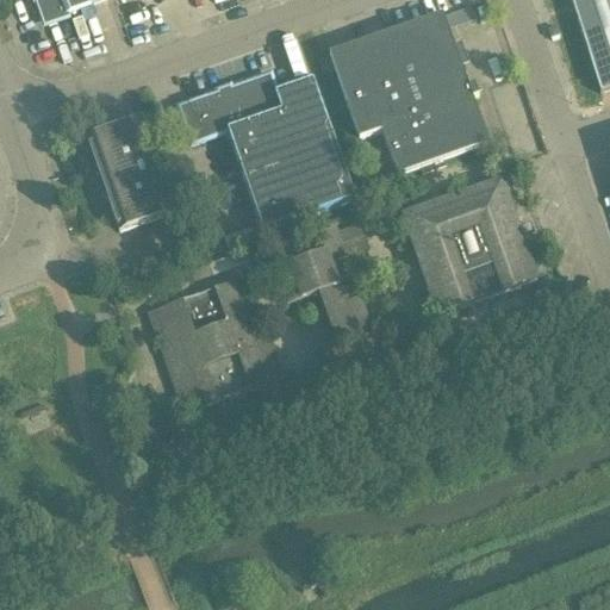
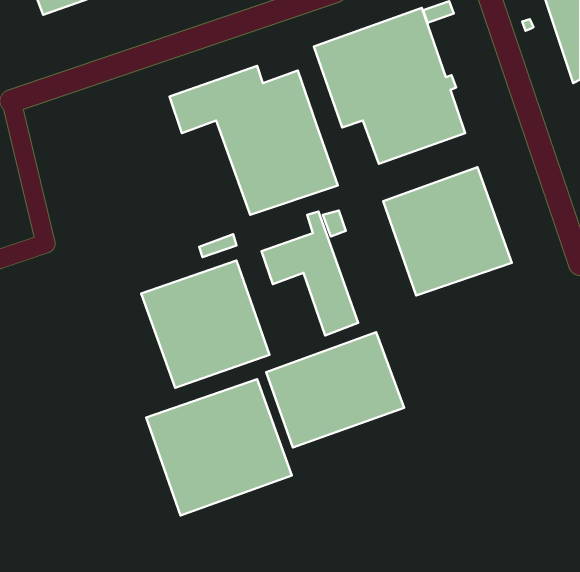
building: [87,113,175,225] -> none
building: none -> [266,332,404,448]
building: none -> [146,379,292,516]

